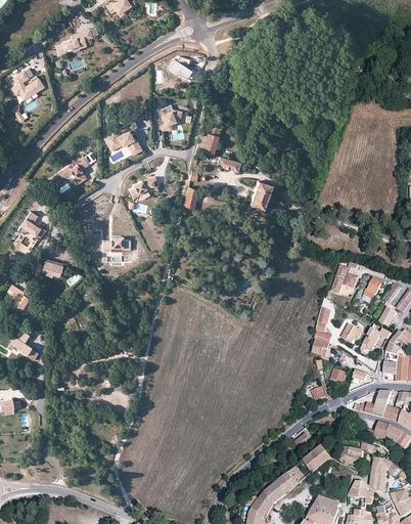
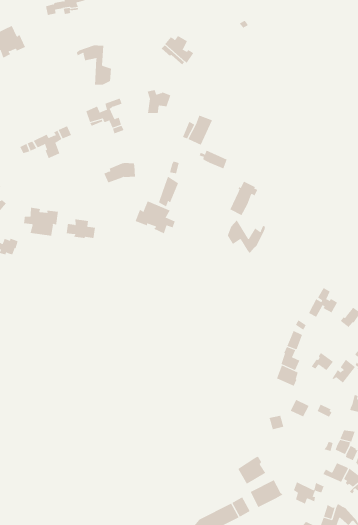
building: none -> [76,44,111,85]
building: none -> [135,200,176,234]
building: none -> [227,220,266,254]
building: none -> [23,207,58,237]

